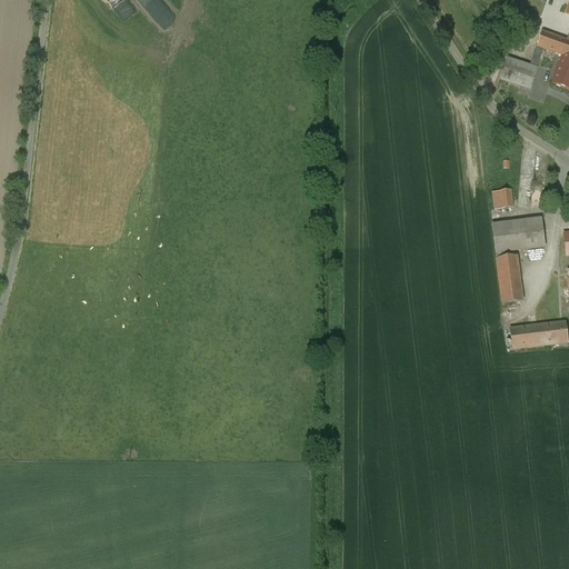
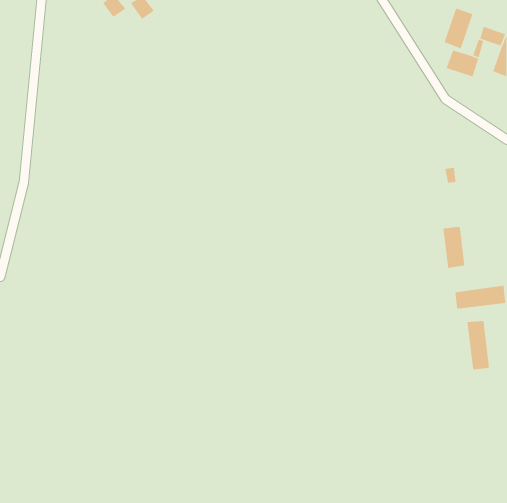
building: none -> [444,8,473,49]
building: [491,216,545,250] -> none
building: none -> [466,320,490,370]

